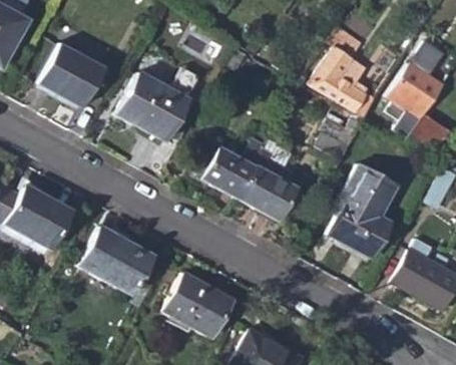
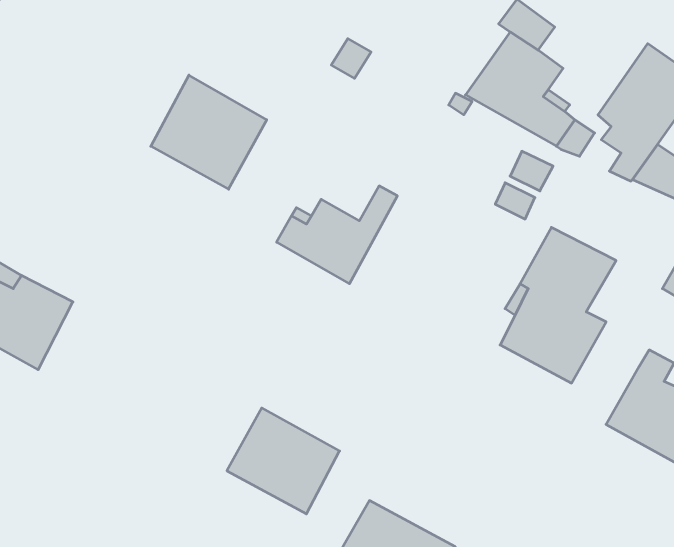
building: [38,44,103,107] -> none
building: [238,139,296,220] -> none
building: [78,227,152,295] -> none

